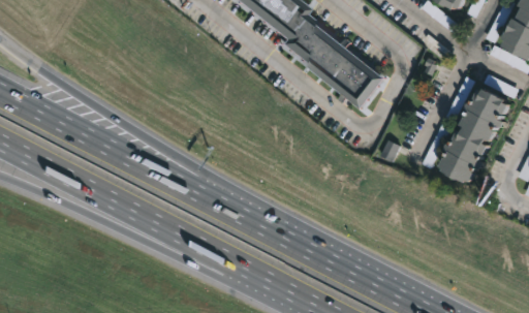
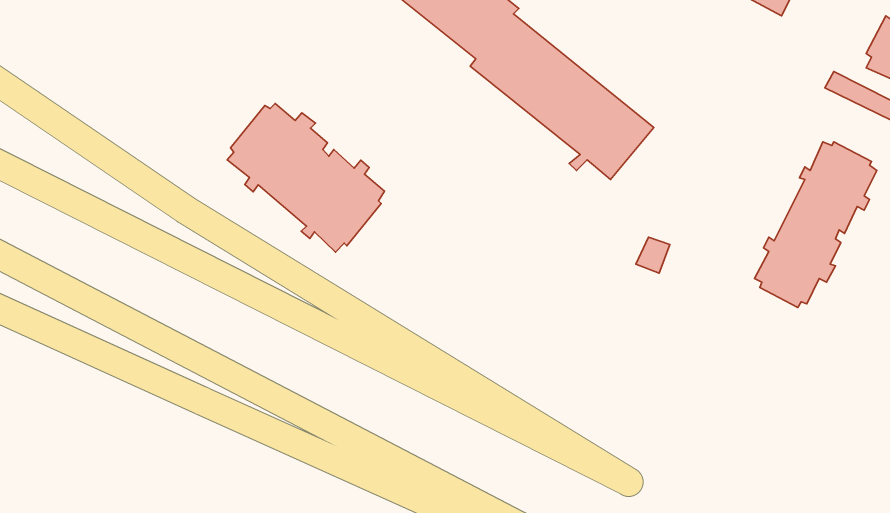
building: none -> [227,104,385,252]

